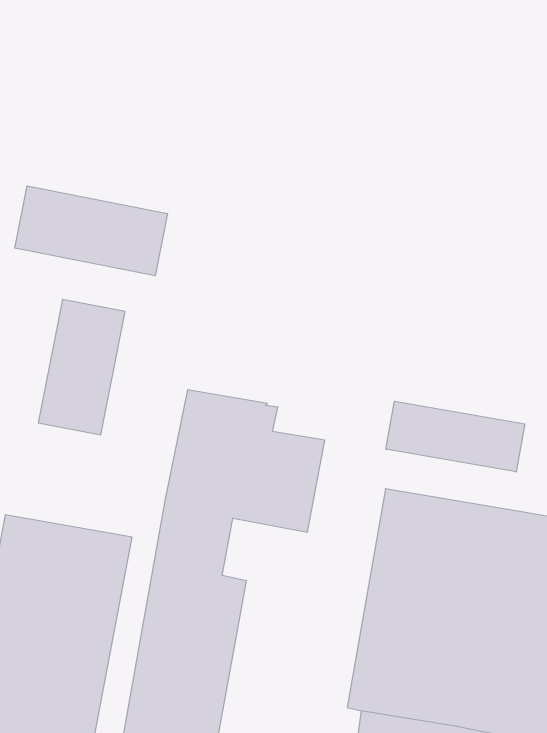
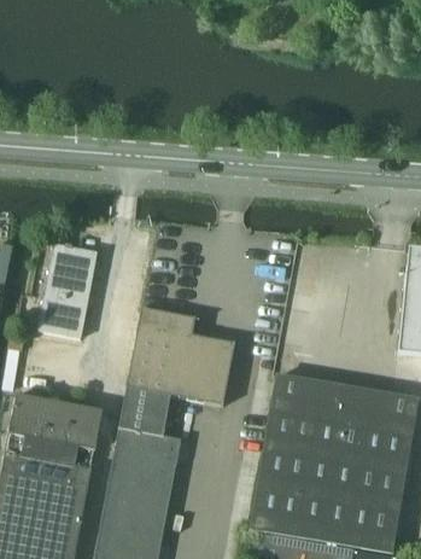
building: [15,186,168,276] -> none
building: [386,401,525,472] -> none

